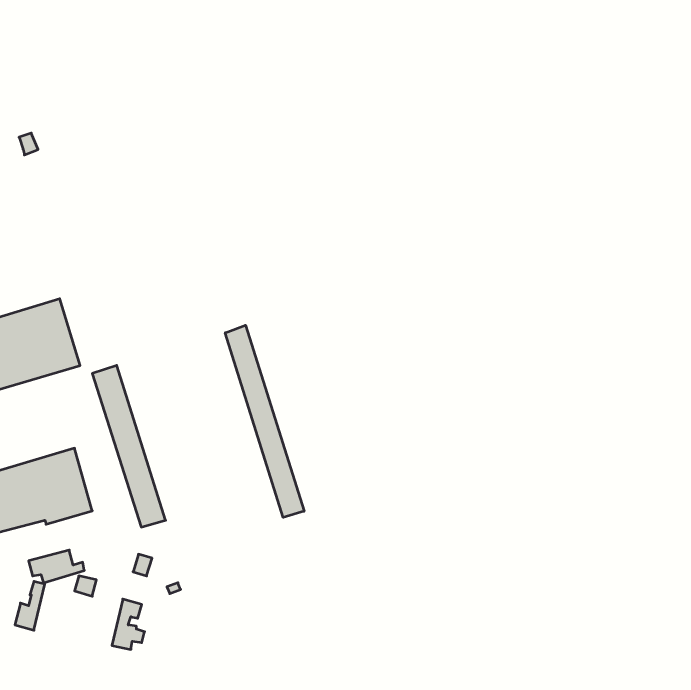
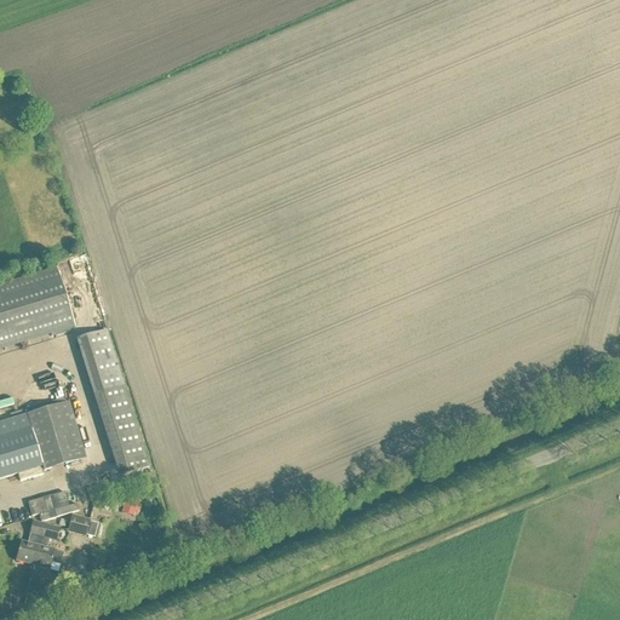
building: [225,325,304,517] -> none
building: [112,599,145,649] -> [30,521,59,566]

